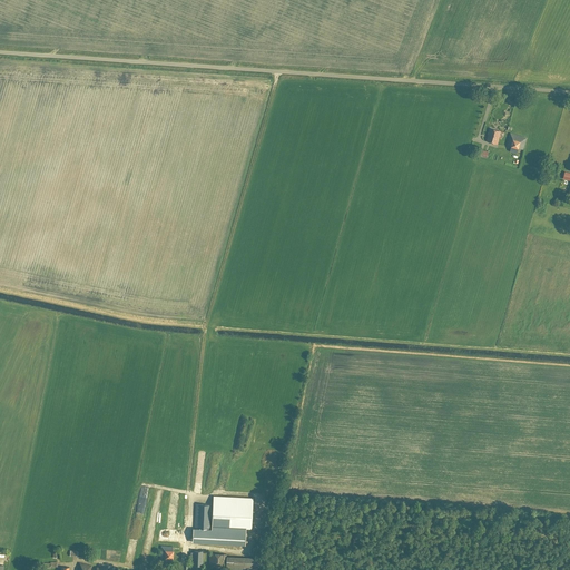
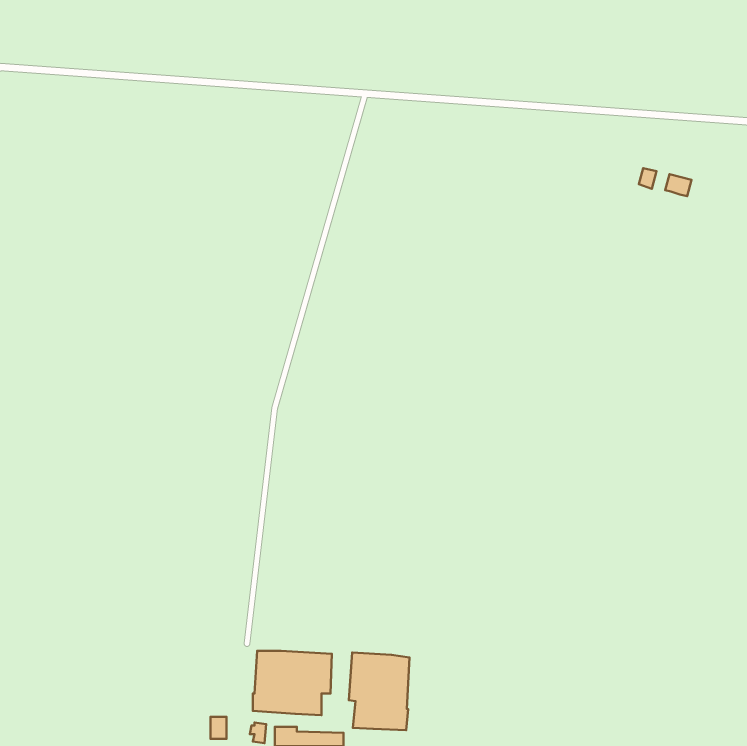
building: none -> [349,653,410,730]

